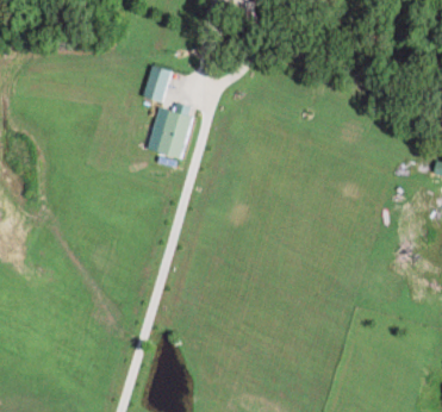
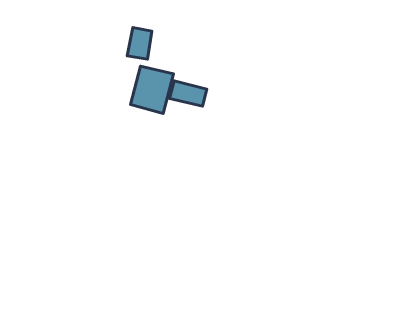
building: none -> [170,81,207,106]

